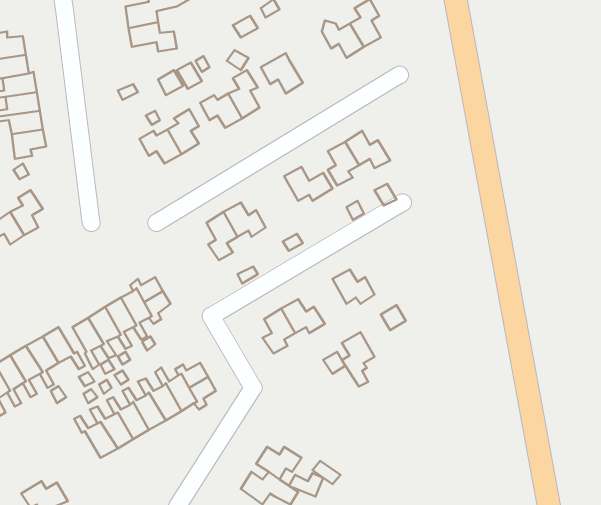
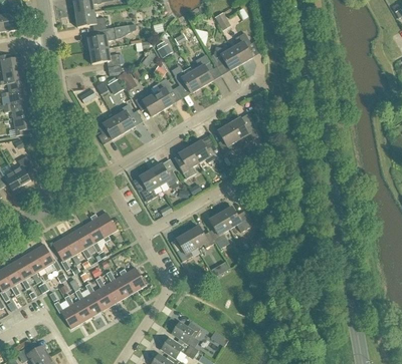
building: none -> [192,54,212,86]
building: none -> [174,146,198,177]
building: [342,332,374,386] -> [208,213,229,248]

